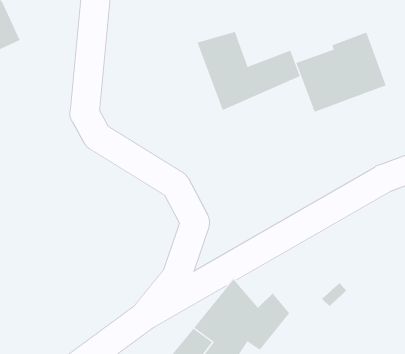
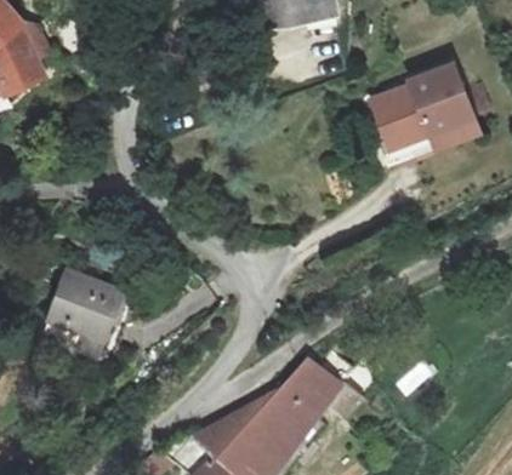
building: [197,31,301,111] -> none
building: none -> [41,265,126,344]

